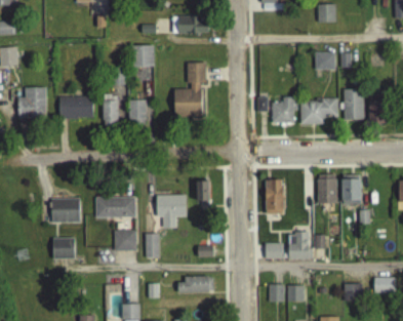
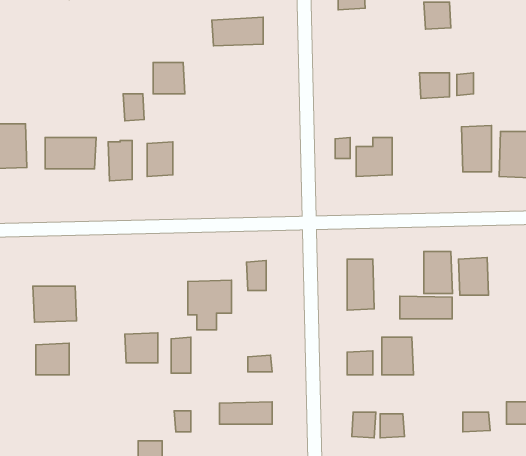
building: [175,63,206,115] -> none
building: [300,99,338,124] -> none
building: [96,197,135,217] -> none
building: none -> [400,296,452,319]

